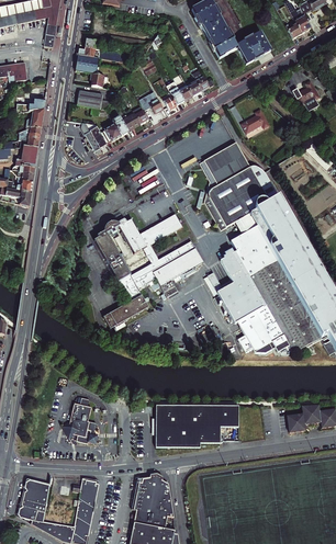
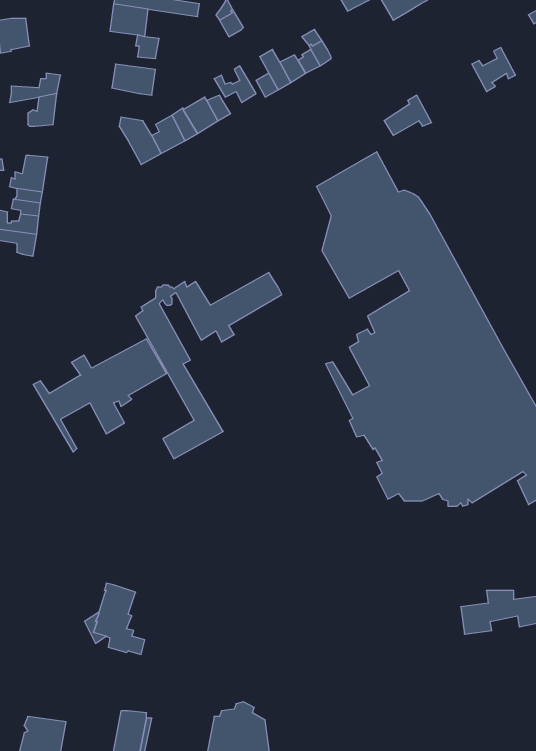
building: [121,241,201,309] -> [33,339,166,452]
building: [153,403,239,447] -> none

